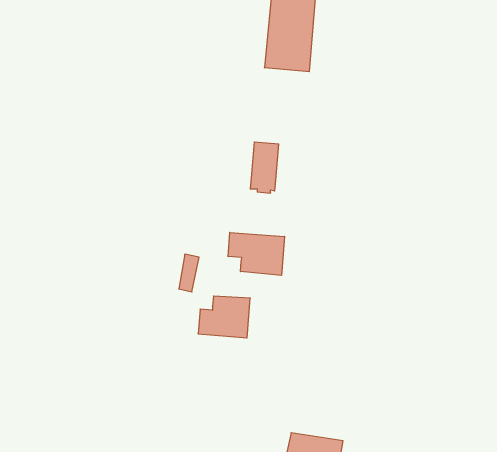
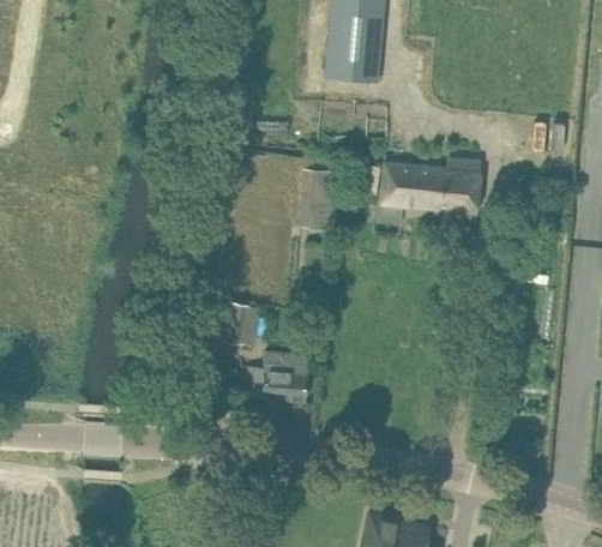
building: none -> [375,157,482,233]
building: [228,232,285,275] -> none

